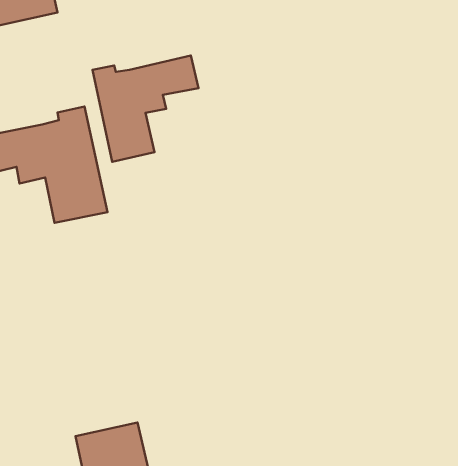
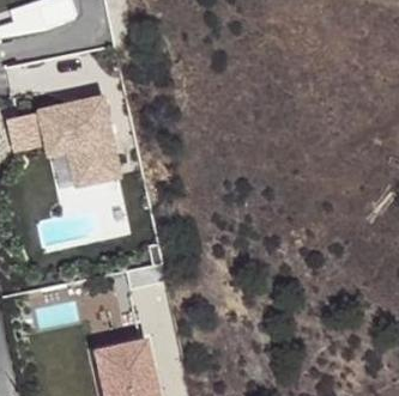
building: [92,55,198,162] -> none

